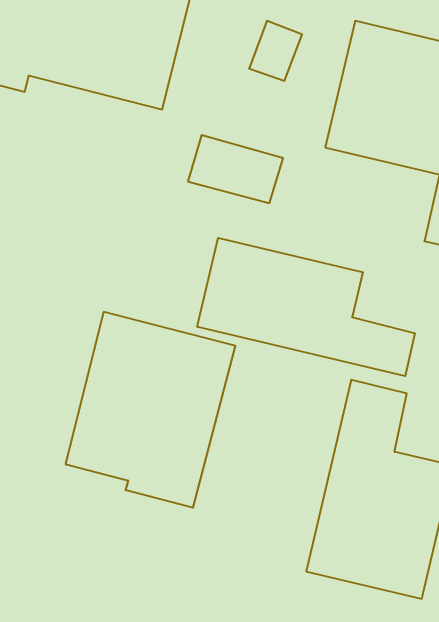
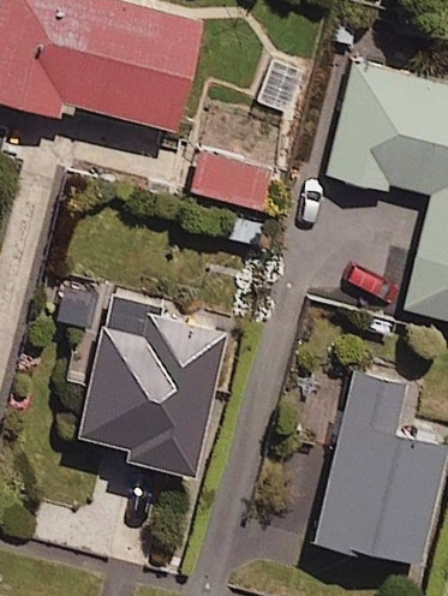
building: [197,238,415,376] -> none

